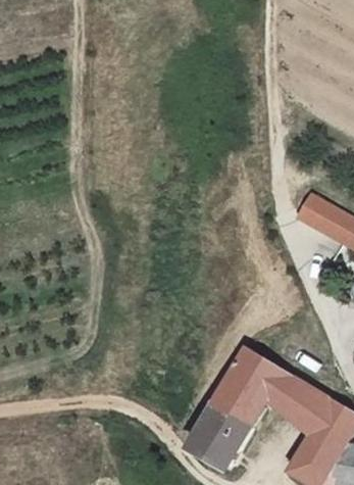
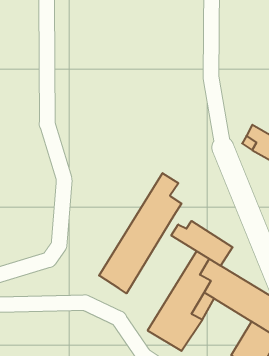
building: none -> [99,173,181,293]
building: none -> [171,221,233,266]

